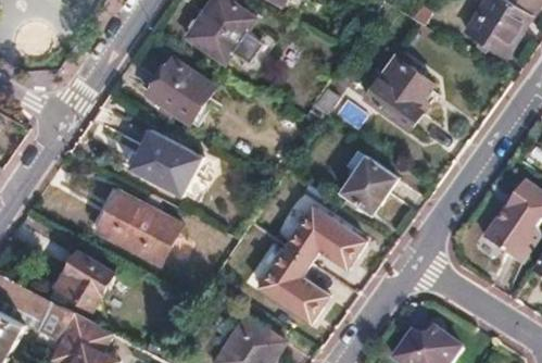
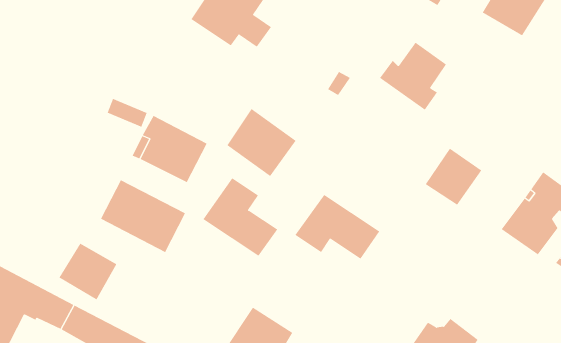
building: [146,59,213,125] -> [226,108,296,177]
building: [340,157,395,212] -> [425,148,482,205]
building: [255,246,328,322] -> [202,177,278,256]

